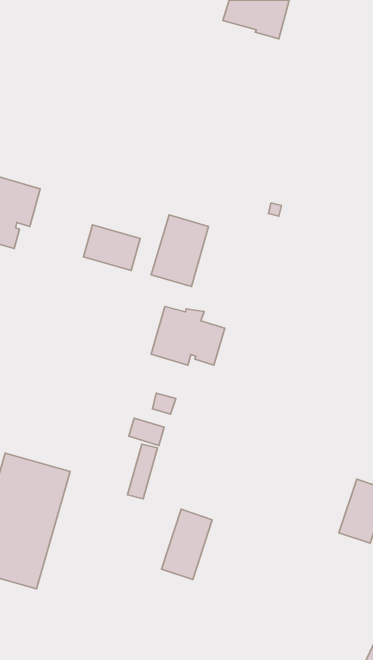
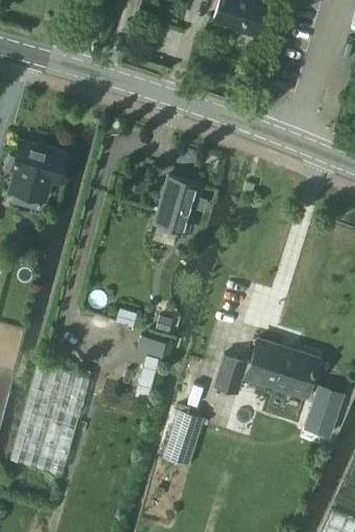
building: [83,225,140,271] -> none
building: [151,306,225,365] -> none
building: none -> [214,339,318,395]

